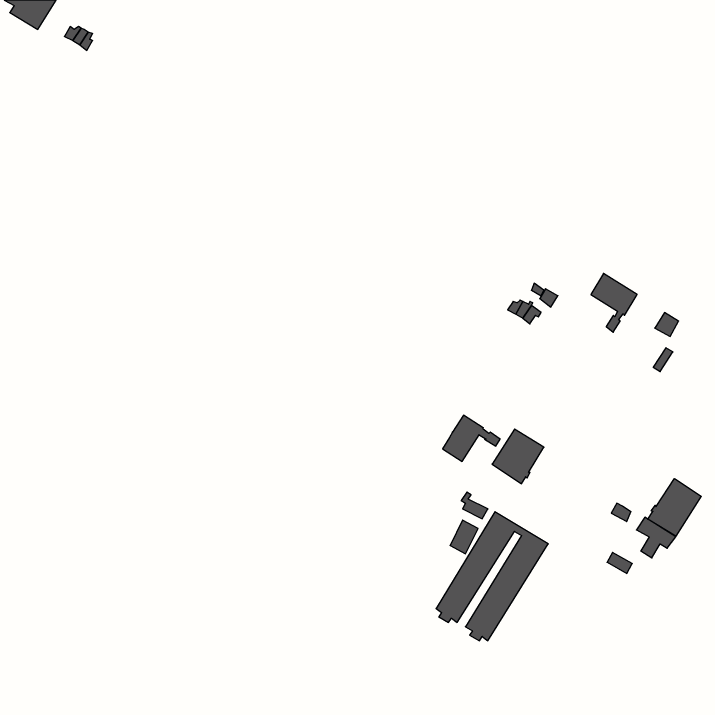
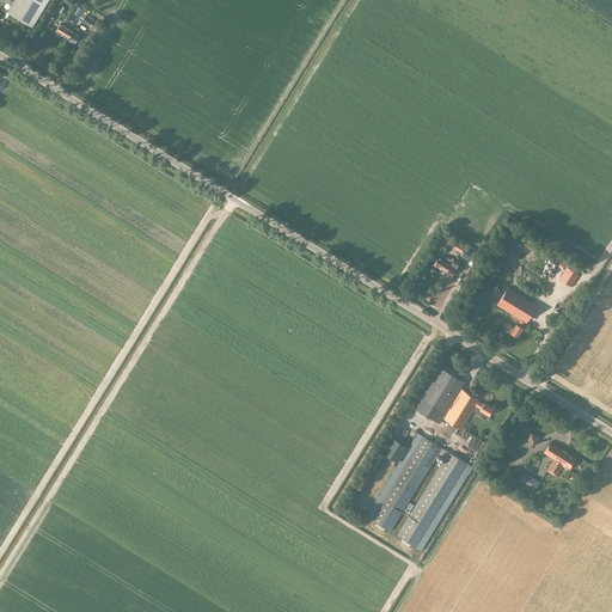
building: [591,273,637,332] -> [498,288,538,338]
building: [443,415,500,461] -> [445,390,494,429]
building: [648,479,701,536] -> none

